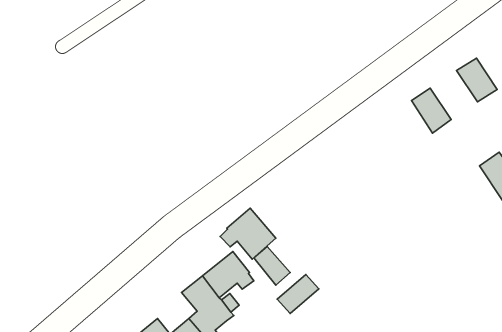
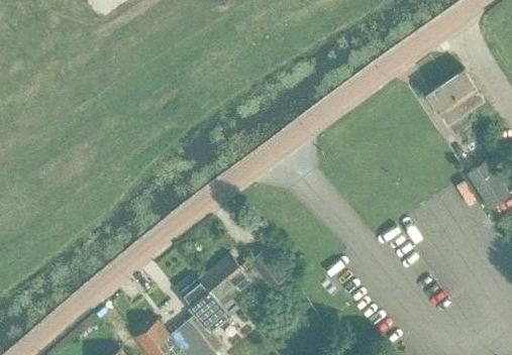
building: [411,88,451,133] -> [427,83,466,126]
building: [220,208,276,259] -> none
building: [277,275,319,313] -> none

